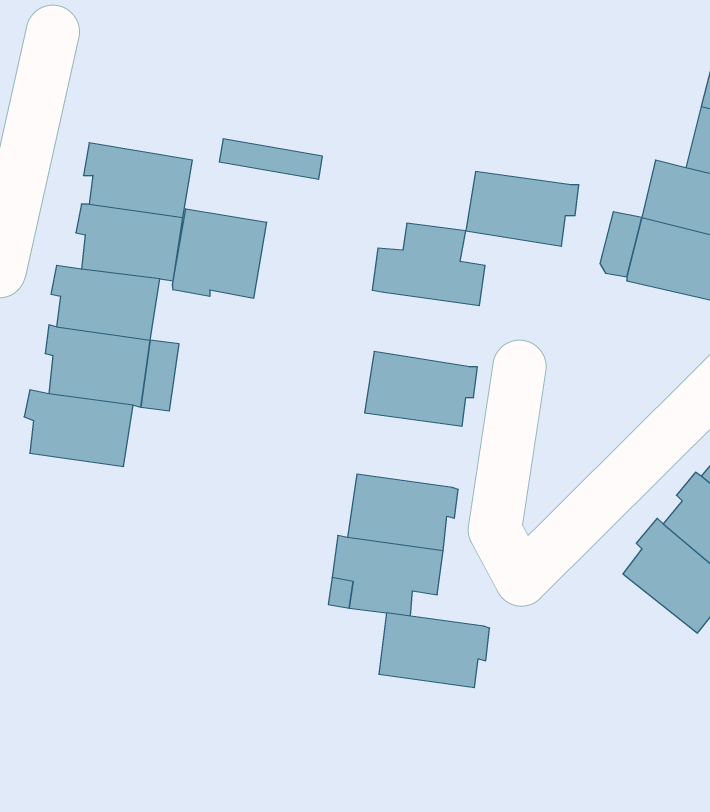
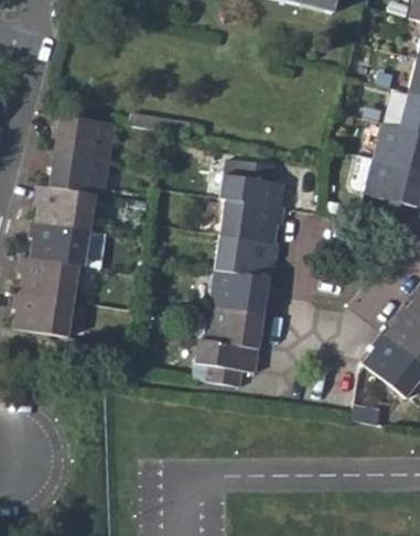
building: [466,172,579,246] -> [219,199,284,242]
building: [173,209,267,298] -> none
building: none -> [13,292,75,335]
building: [379,613,490,688] -> [209,269,273,311]

